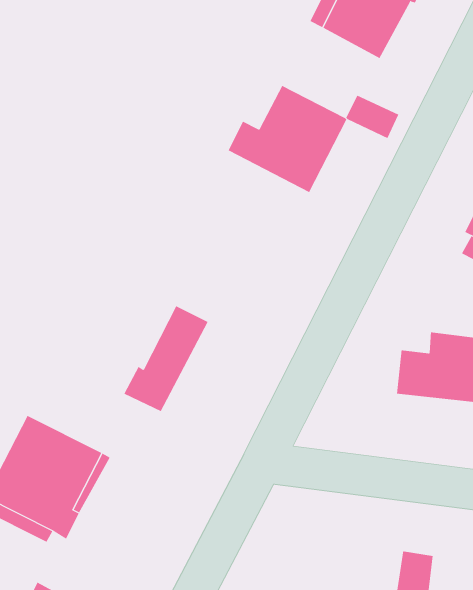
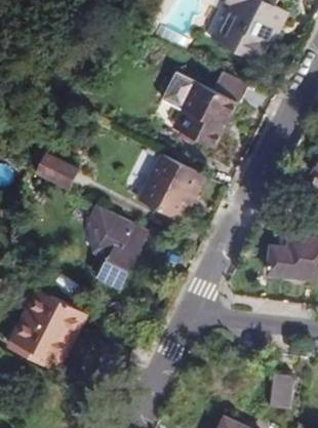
building: none -> [36,151,80,188]
building: none -> [138,153,205,221]
building: none -> [91,203,129,259]

